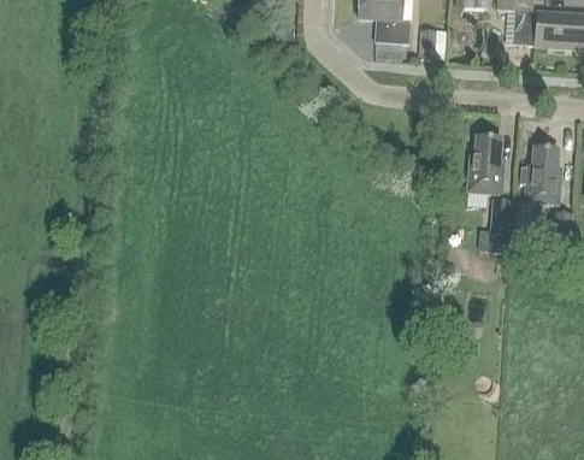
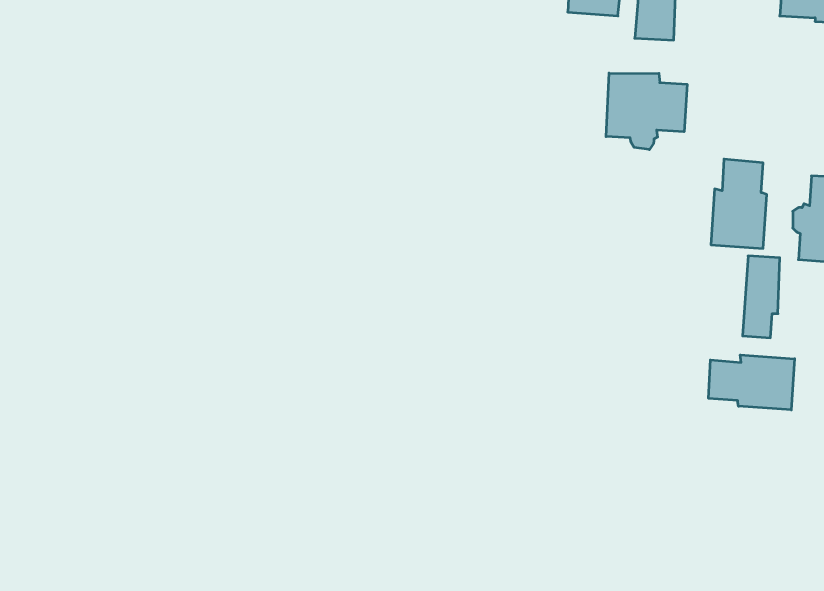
building: none -> [606,73,687,150]
building: none -> [709,355,795,410]

